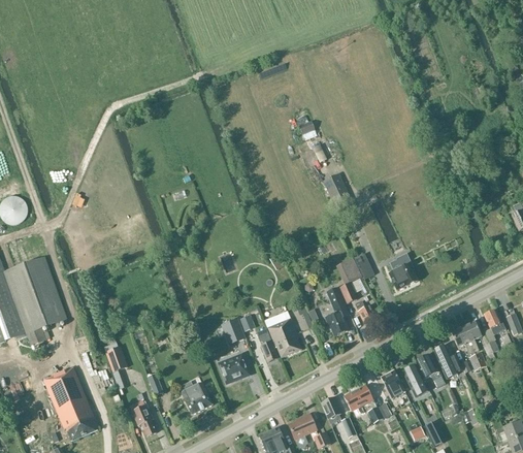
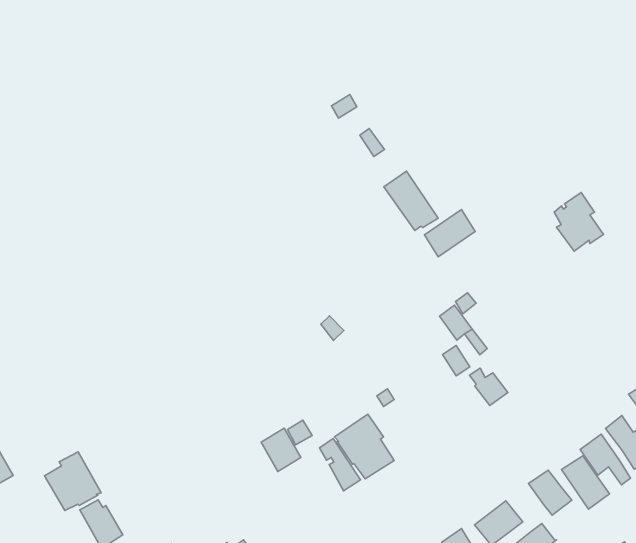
building: none -> [425,209,475,257]
building: [388,254,416,289] -> [554,193,603,251]
building: [324,287,349,335] -> none
building: none -> [45,452,101,511]
building: [220,357,248,384] -> none

